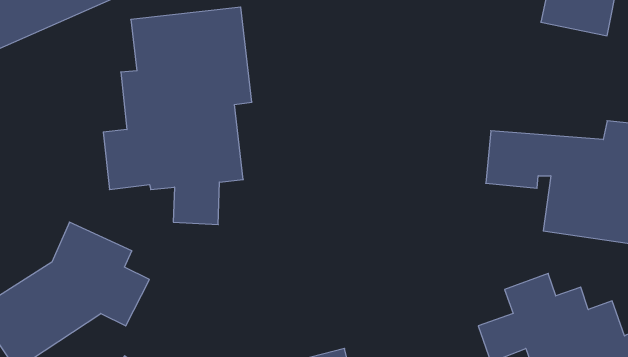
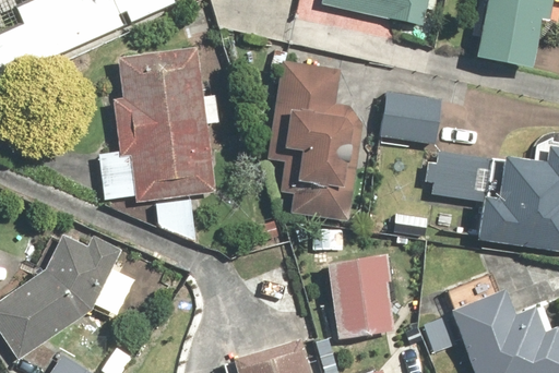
building: none -> [272,55,365,220]
building: none -> [378,93,440,144]
building: none -> [324,251,401,339]

